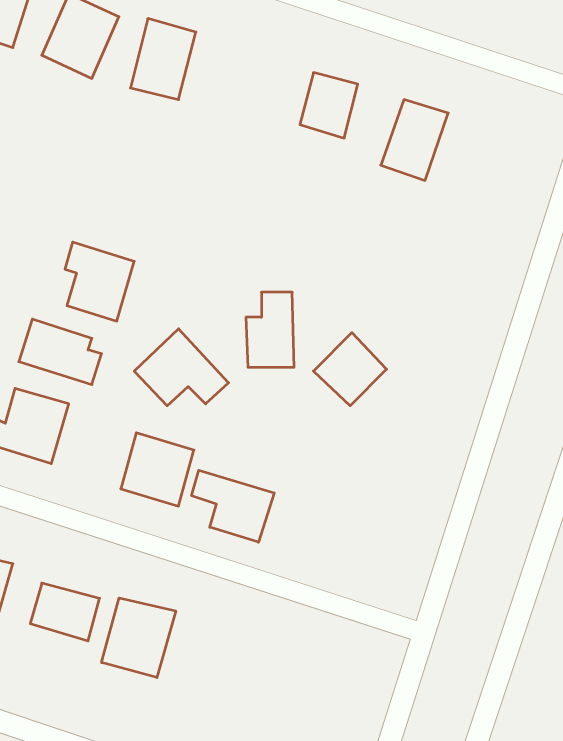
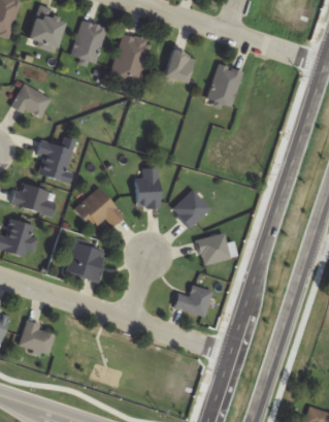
building: none -> [111,34,151,84]
building: none -> [12,84,52,120]
building: none -> [196,233,230,265]
building: [192,470,274,542] -> none
building: none -> [173,285,212,317]
building: [102,598,176,678] -> none

